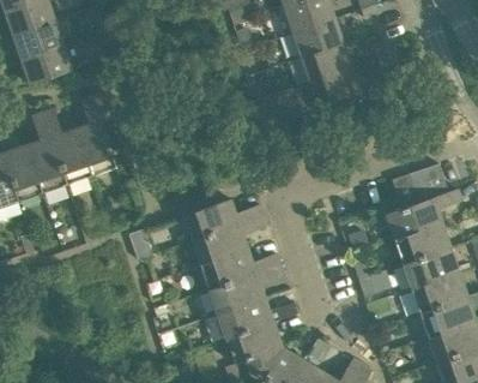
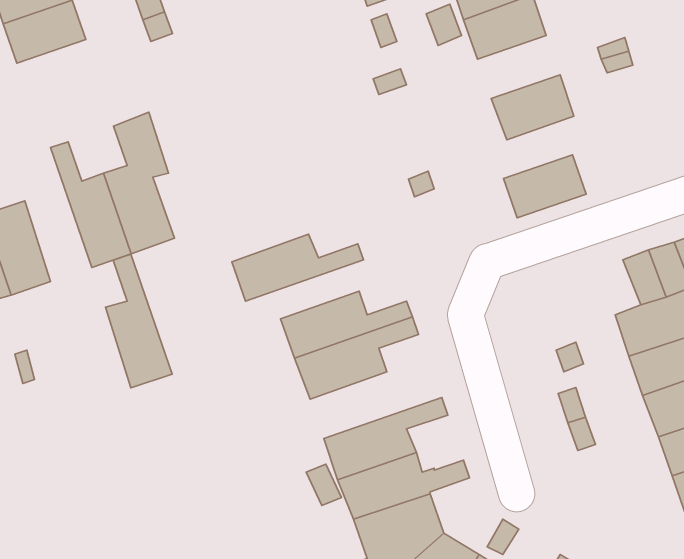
building: [302,43,352,82] -> [503,155,586,218]
building: [22,46,72,85] -> none
building: [26,112,67,193] -> [105,254,172,388]
building: [200,249,280,289] -> [232,234,364,301]

